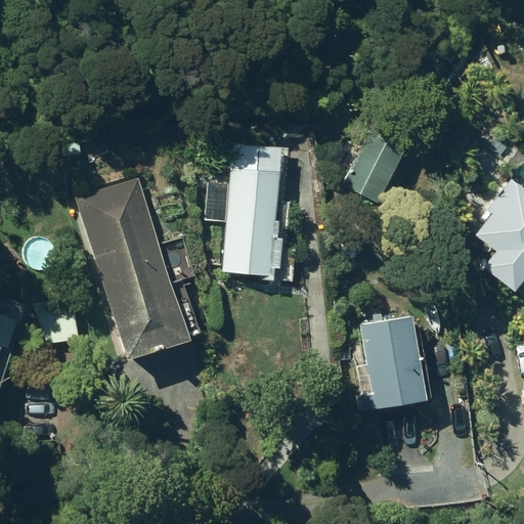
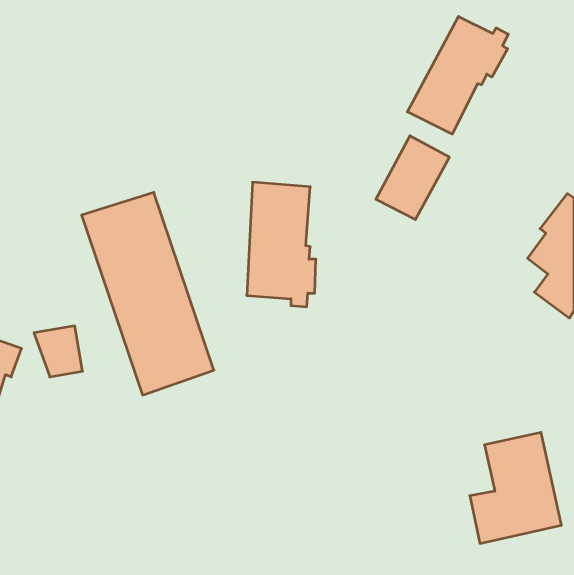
building: none -> [407,16,508,134]
building: [349,314,432,414] -> [470,432,561,543]

